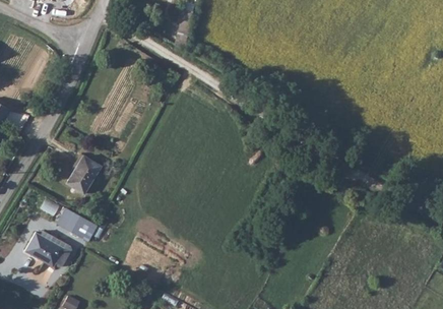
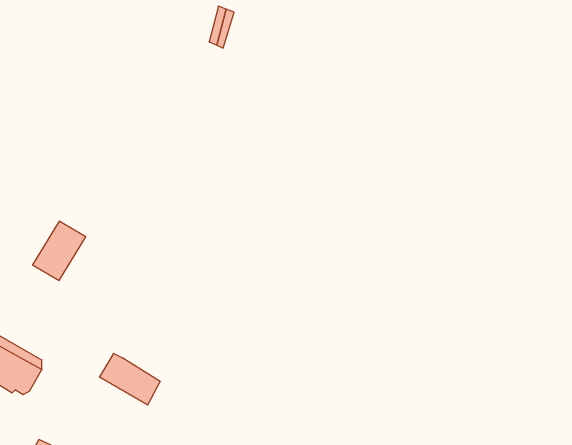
building: [57,208,97,242] -> [99,353,160,405]

